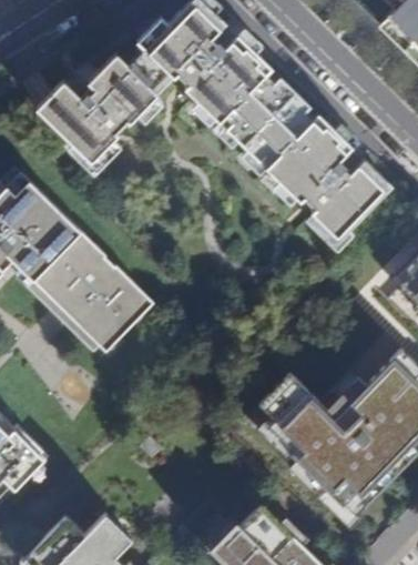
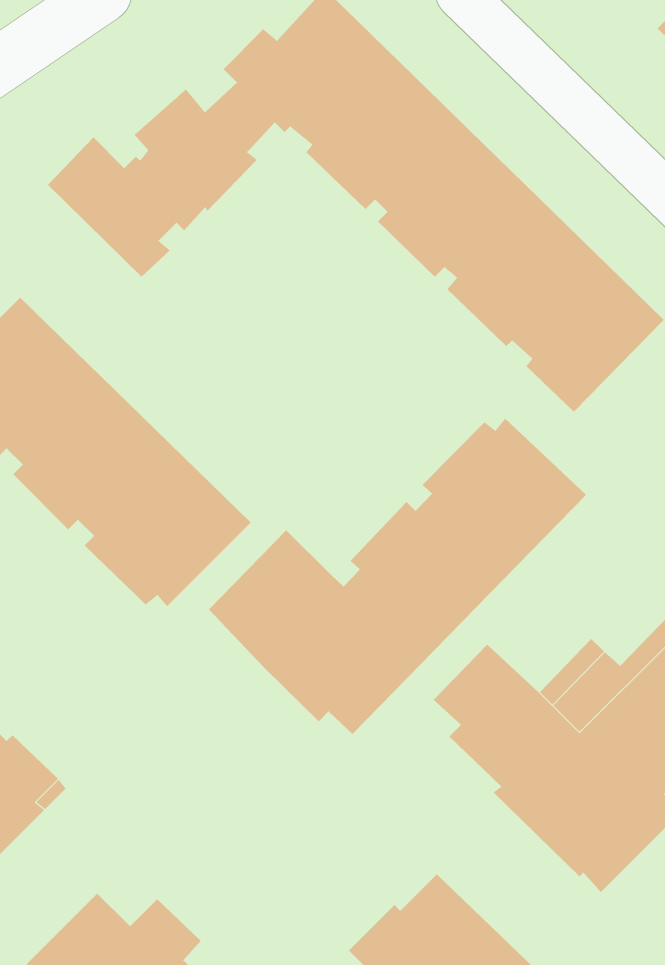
building: none -> [208,418,587,735]

